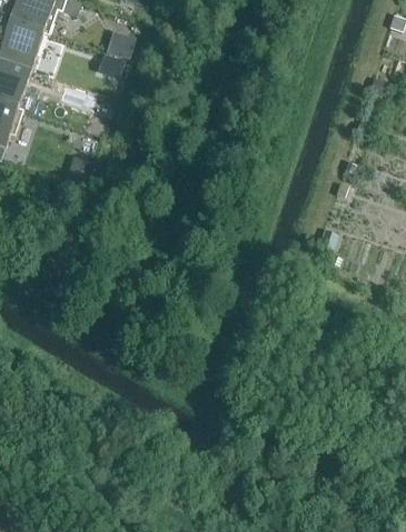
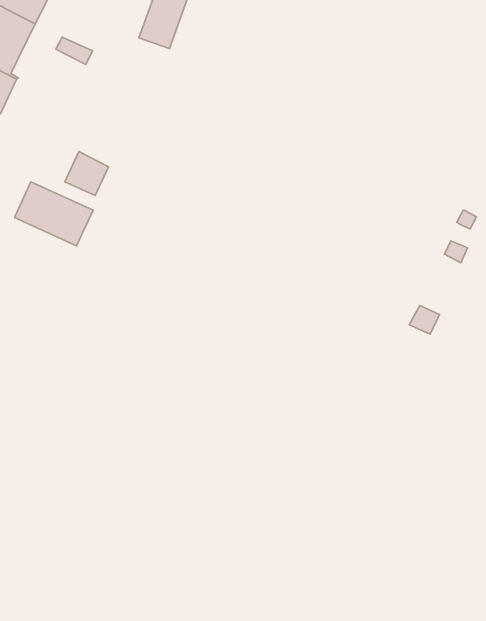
building: none -> [14,182,93,246]

